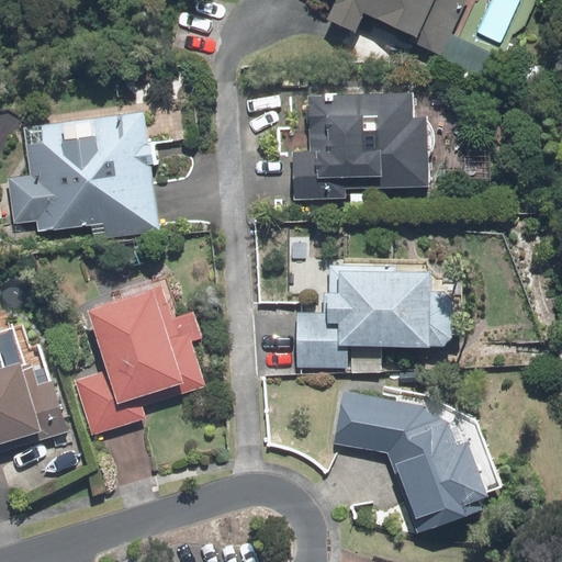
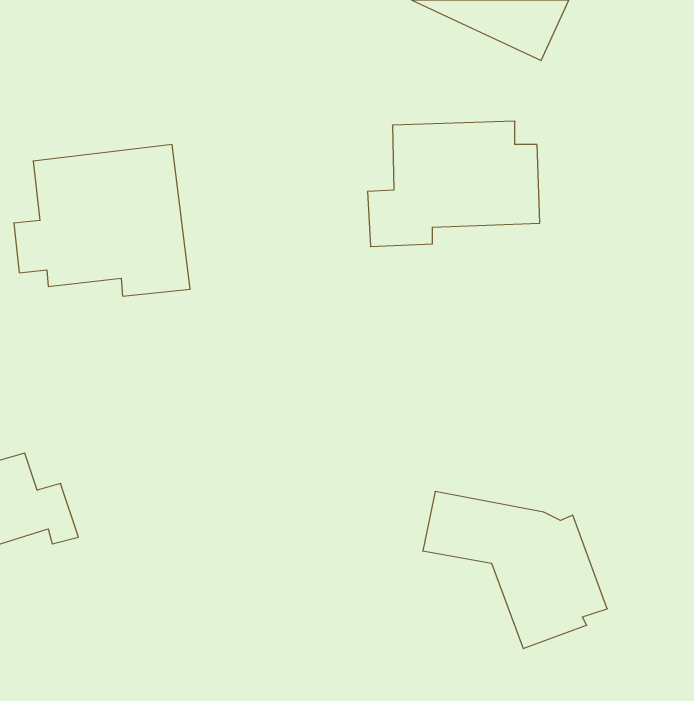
building: [301,267,435,363] -> none
building: [75,291,202,431] -> none

